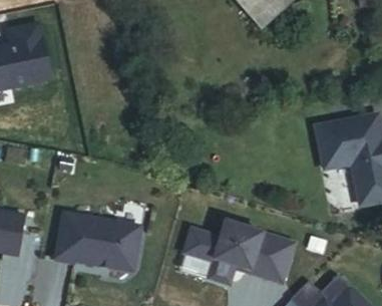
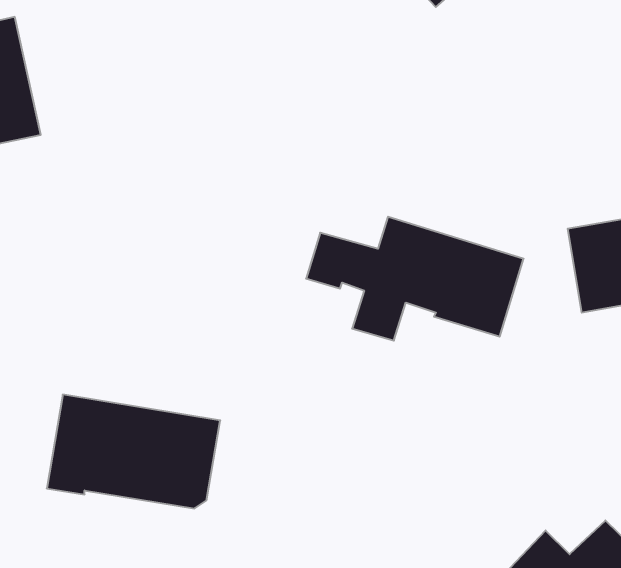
building: [183,222,293,284] -> [306,217,524,341]

